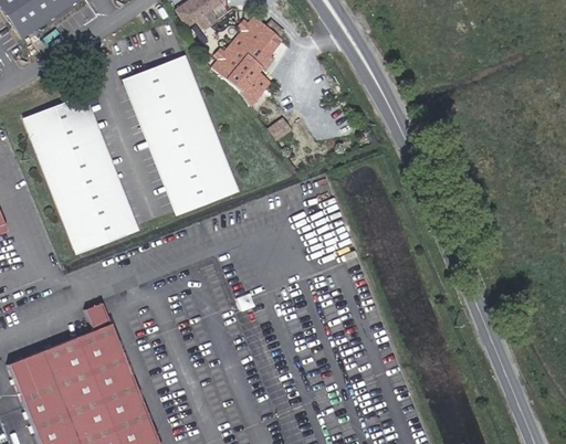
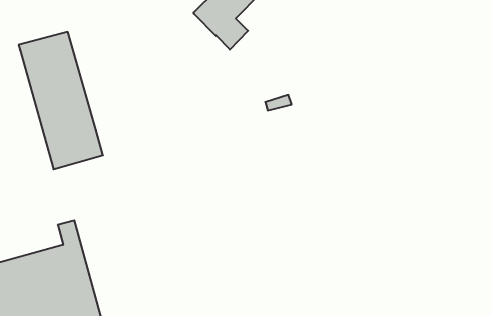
building: [128,63,230,212] -> none

